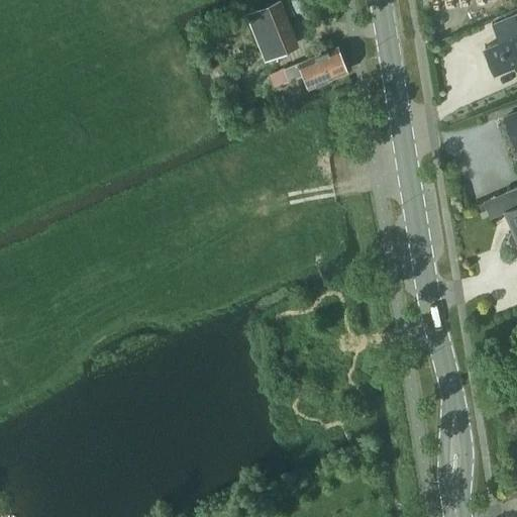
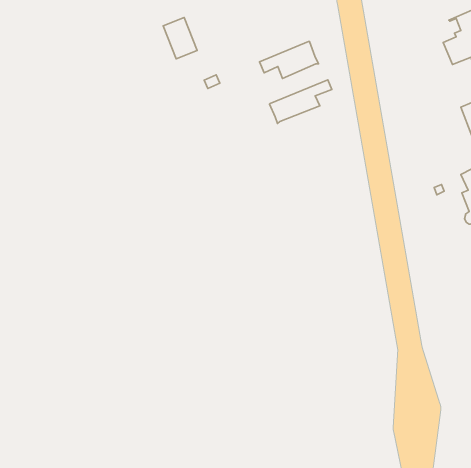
building: [254,8,292,54] -> [163,17,197,59]
building: none -> [269,80,332,124]

